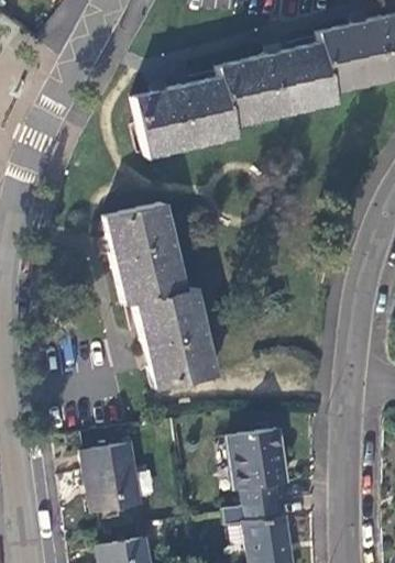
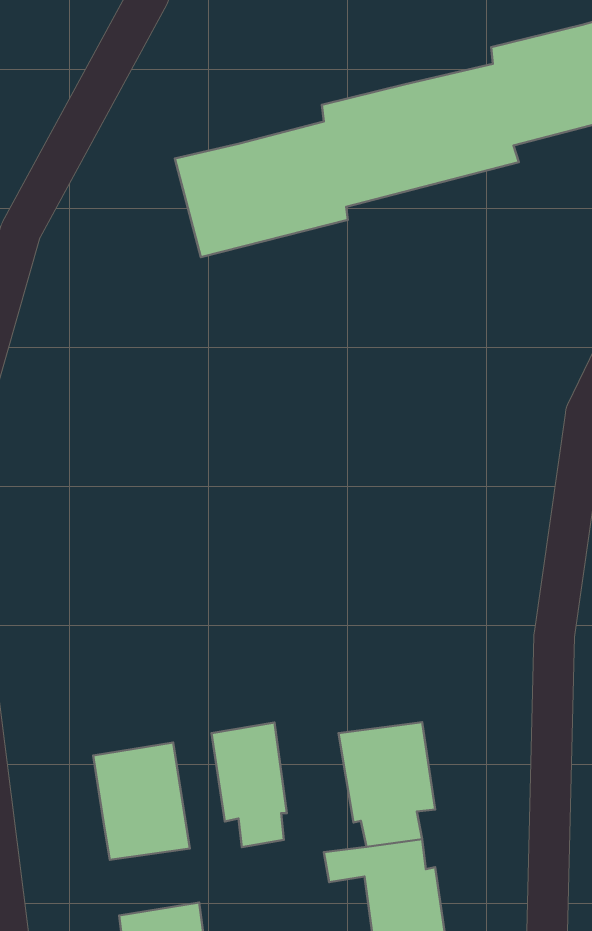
building: [105,202,213,388] -> none
building: none -> [212,722,287,847]

